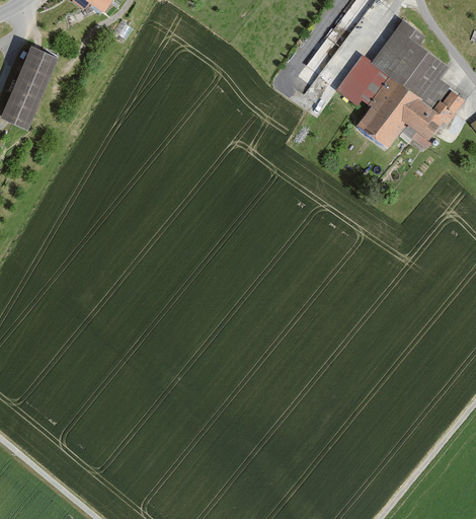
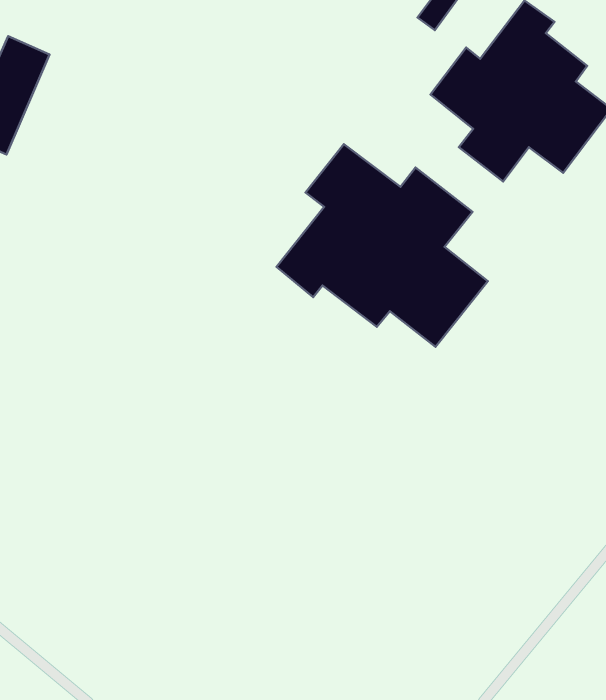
building: none -> [276,144,488,347]

